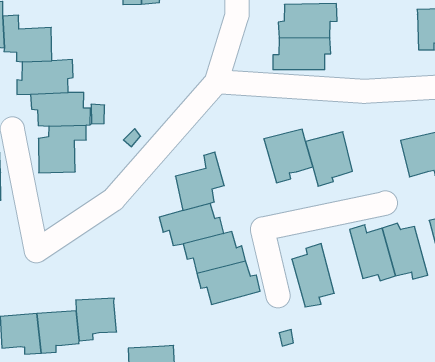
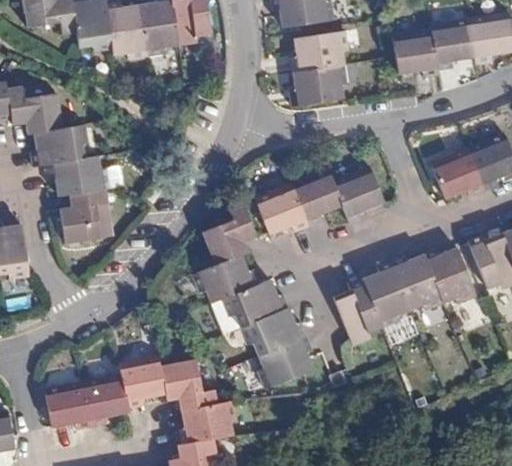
building: none -> [391,31,437,75]
building: none -> [255,179,309,231]
building: none -> [363,260,410,327]
building: none -> [259,335,315,387]
building: none -> [159,358,217,411]

